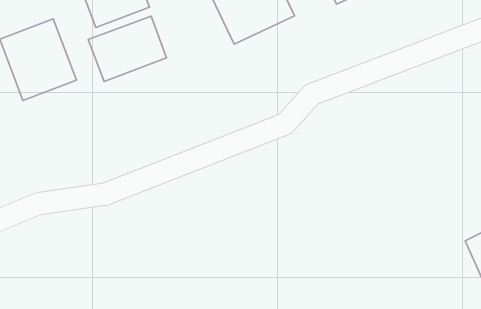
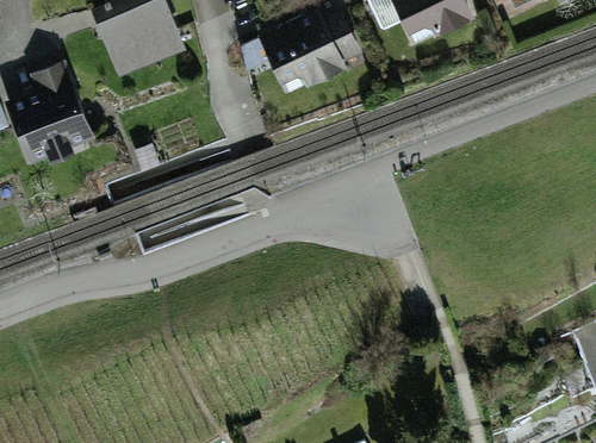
building: [88,16,166,82] -> none

